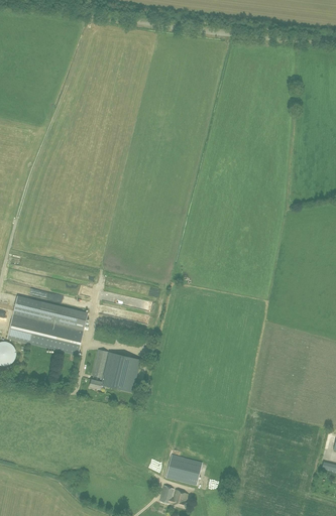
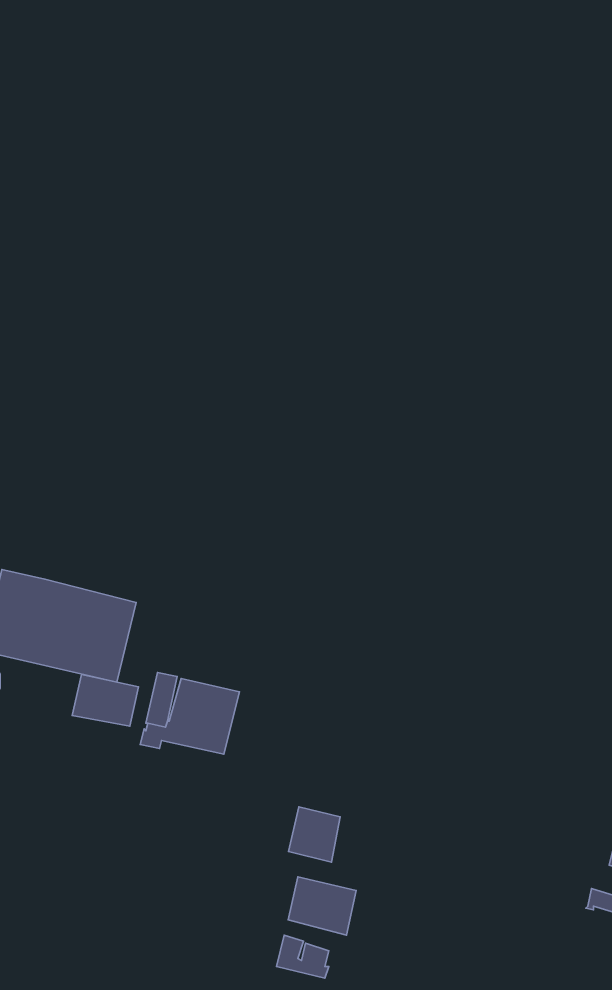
building: none -> [72,675,138,726]
building: none -> [288,807,340,862]

